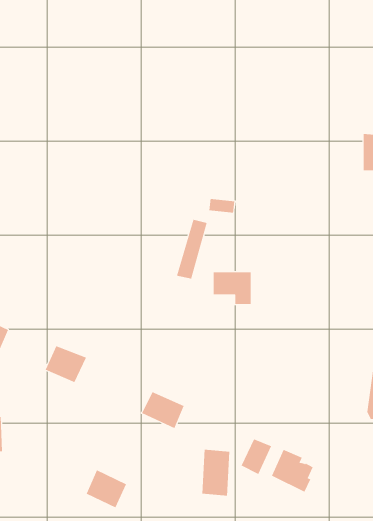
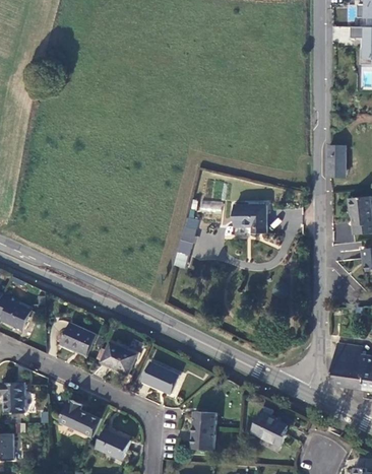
building: [213,272,252,305] -> [234,207,266,234]
building: none -> [101,342,136,374]
building: none -> [59,400,100,437]
building: [241,438,272,475] -> none

